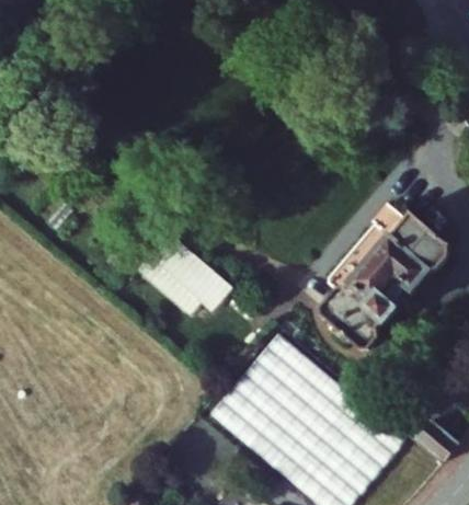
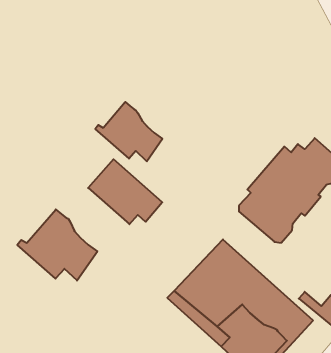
building: none -> [95,102,162,161]
building: none -> [17,209,97,281]

